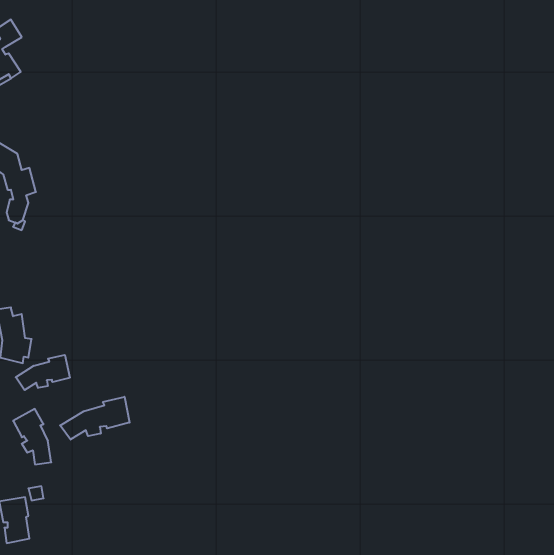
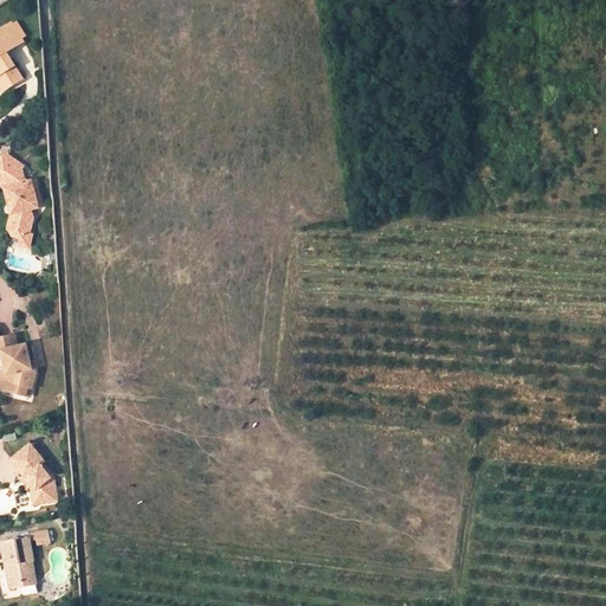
building: [16,355,70,390] -> none
building: [60,397,130,440] -> none

